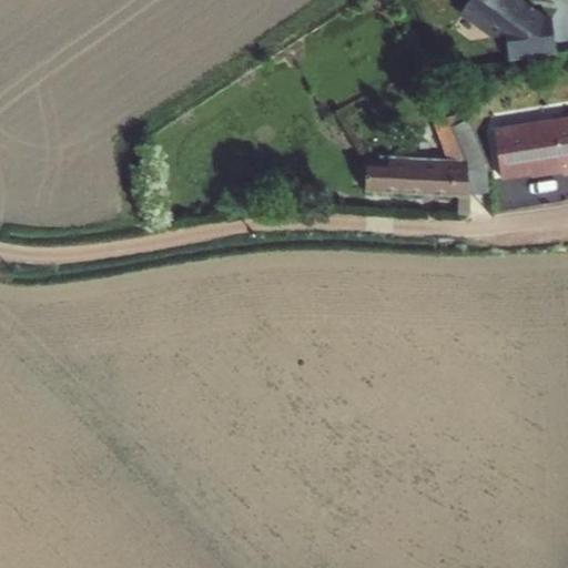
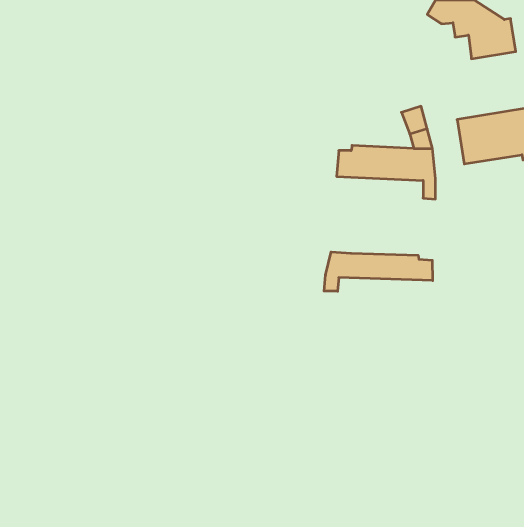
building: none -> [324,252,433,291]

